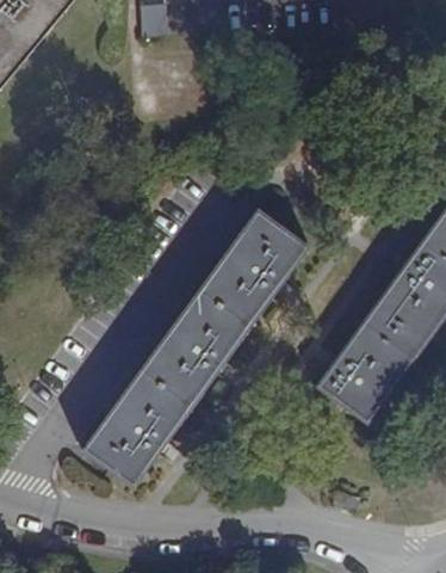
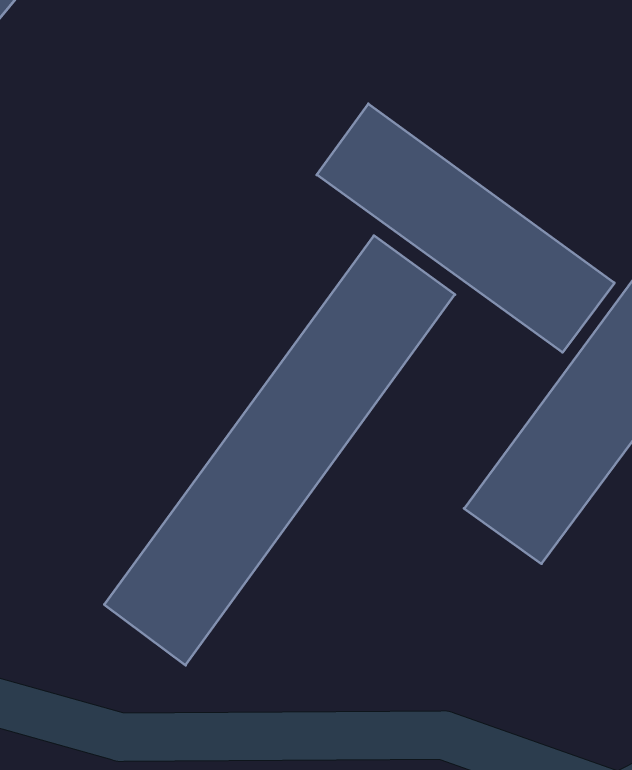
building: none -> [317,104,614,352]

